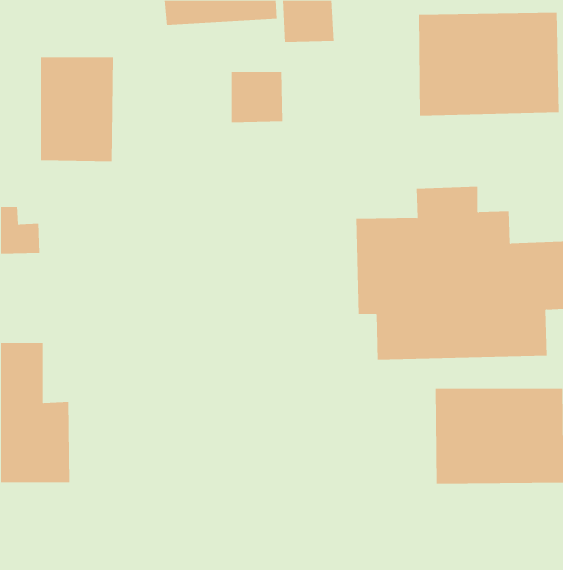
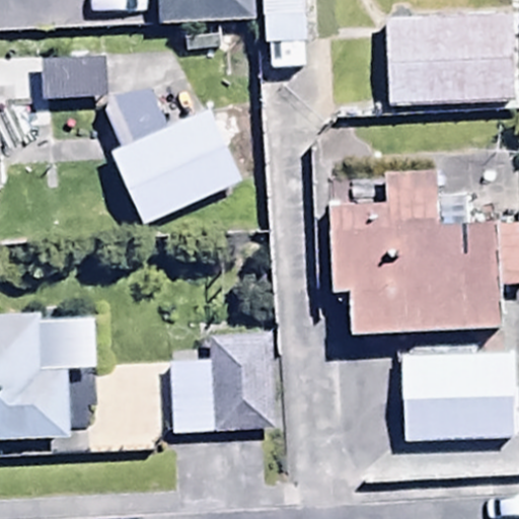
building: none -> [110,103,243,225]
building: none -> [172,331,277,434]

